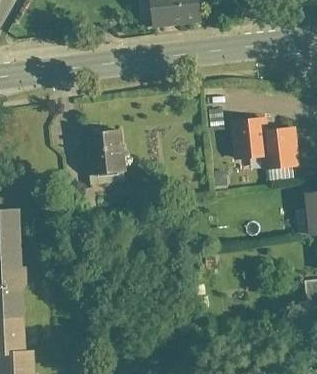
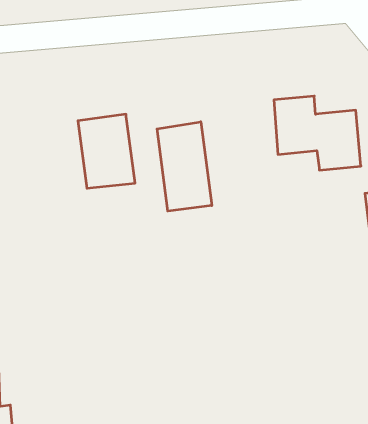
building: none -> [157,122,212,211]

